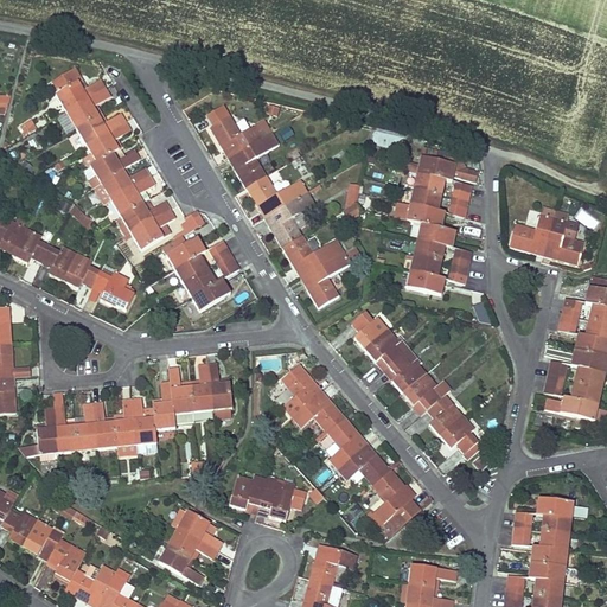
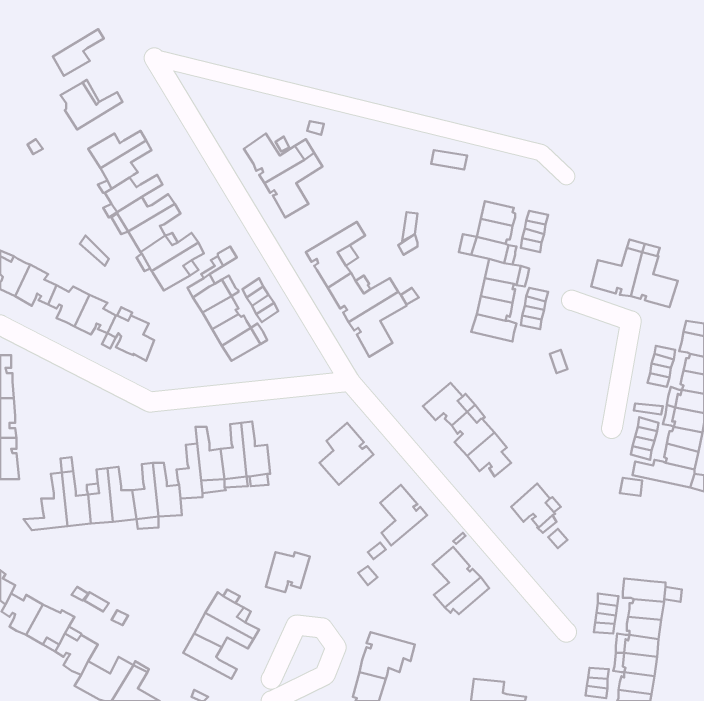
building: [66,88,110,128] -> [53,29,104,76]
building: [417,156,455,181] -> none
building: [245,175,307,217] -> none
building: [351,311,388,350] -> none
building: [292,391,345,433] -> none
building: [426,398,462,436] -> none
building: [337,443,390,486] -> none
building: [258,475,295,520] -> none
building: [408,564,456,587] -> none

